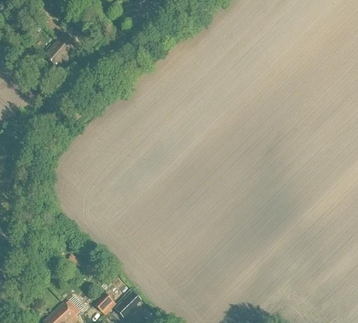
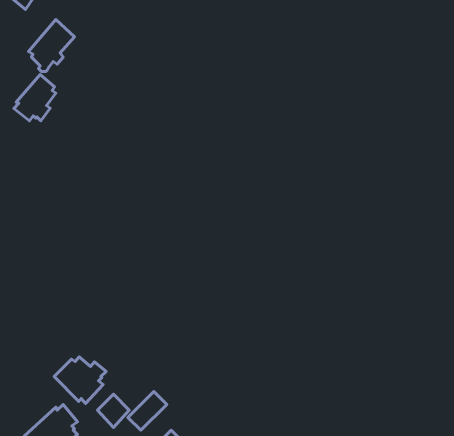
building: none -> [14,74,56,121]
building: none -> [54,357,106,403]

